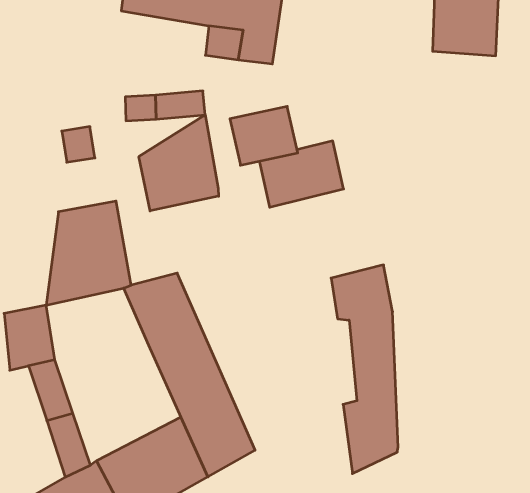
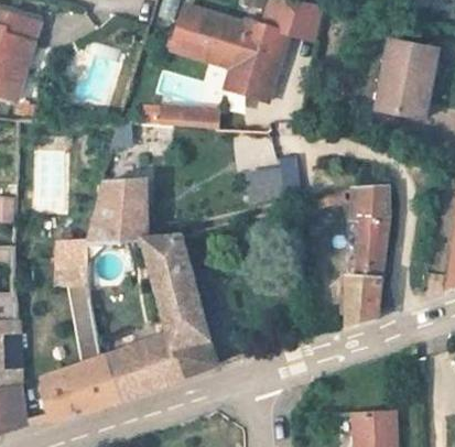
building: [139,115,219,211] -> none
building: [331,265,398,474] -> [344,185,389,325]

